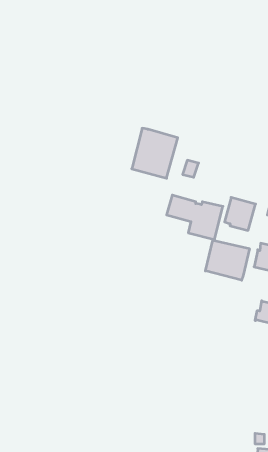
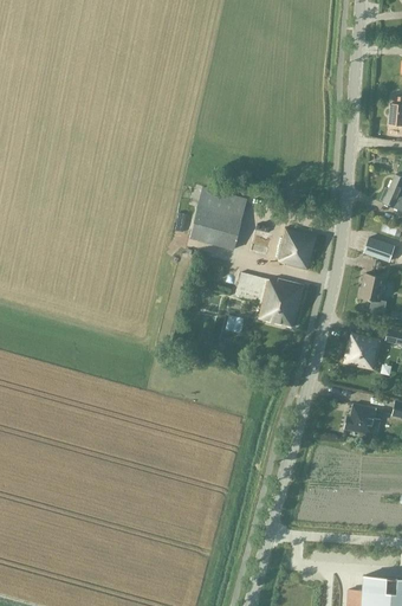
building: [225,197,256,230] -> [279,228,318,270]
building: [205,240,249,280] -> none

